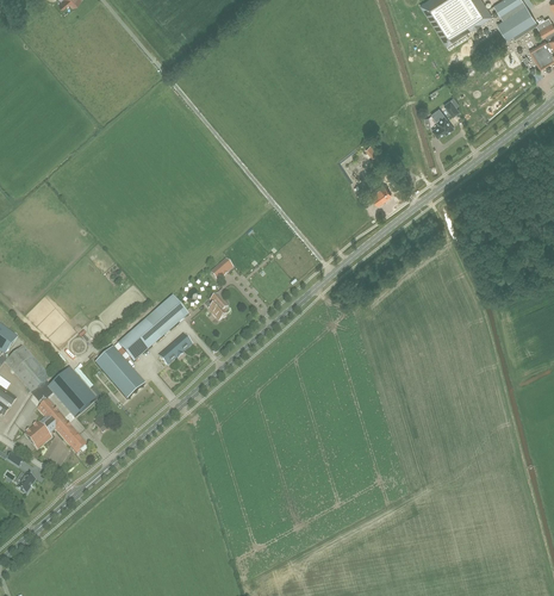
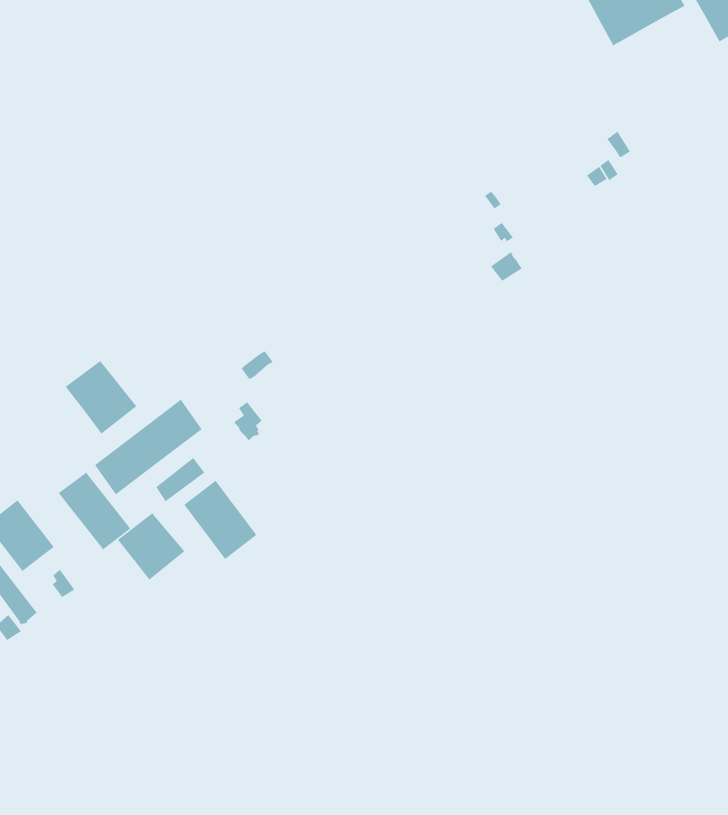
building: none -> [65,360,137,435]
building: none -> [184,480,257,560]
building: none -> [117,512,185,581]

